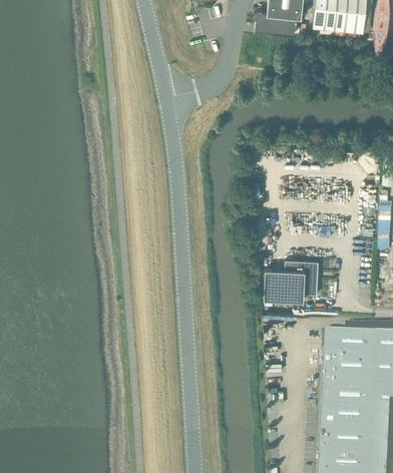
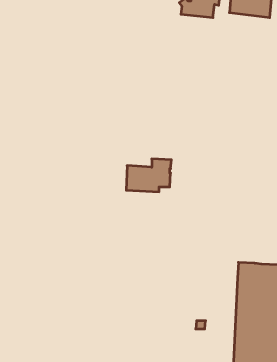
building: [264,260,319,300] -> [126,159,171,192]

